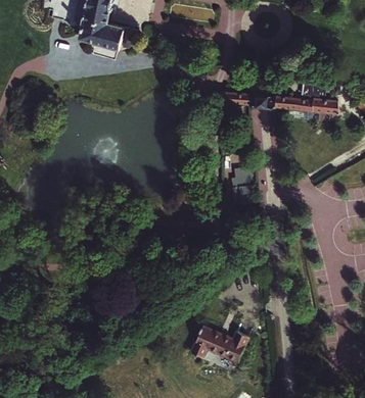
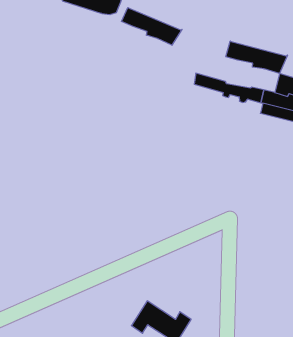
building: none -> [122,8,182,45]
building: none -> [226,41,287,74]

